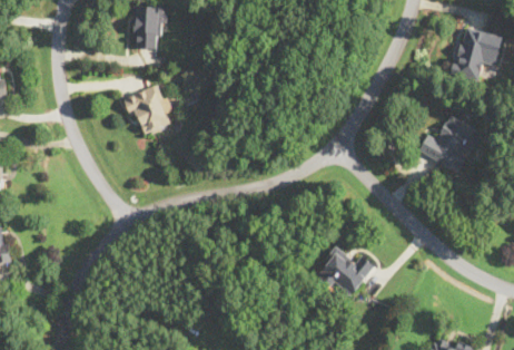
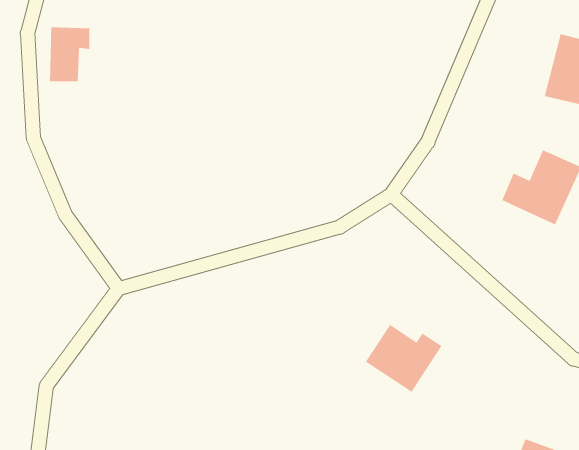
building: [136,7,167,49] -> [49,26,90,82]
building: [123,87,170,135] -> none

